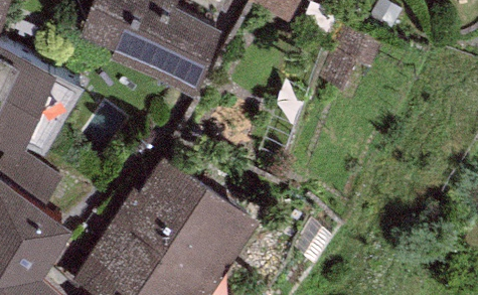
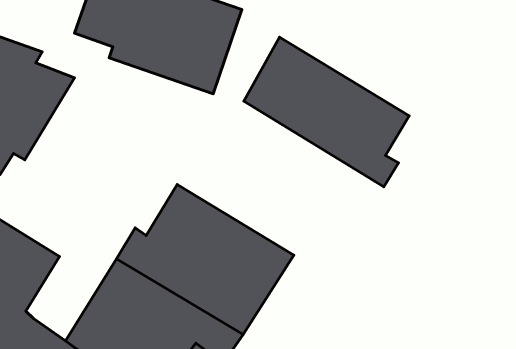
building: none -> [244,37,409,187]

